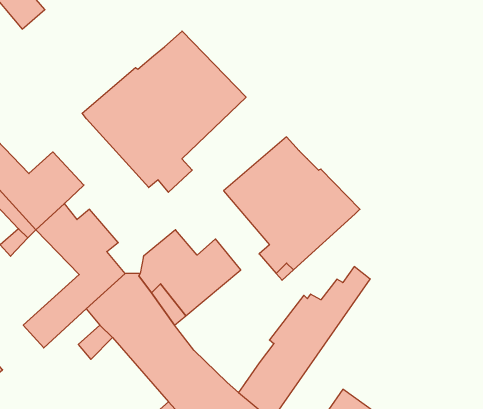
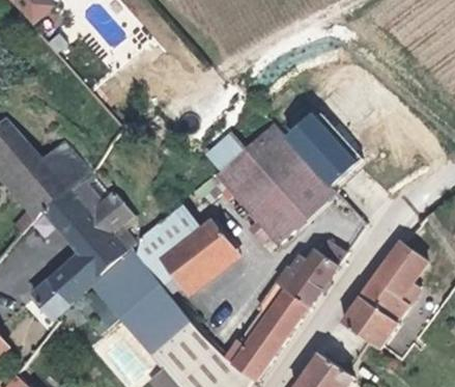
building: [82,31,246,192] -> none
building: none -> [289,119,358,190]
building: none -> [343,243,423,345]

